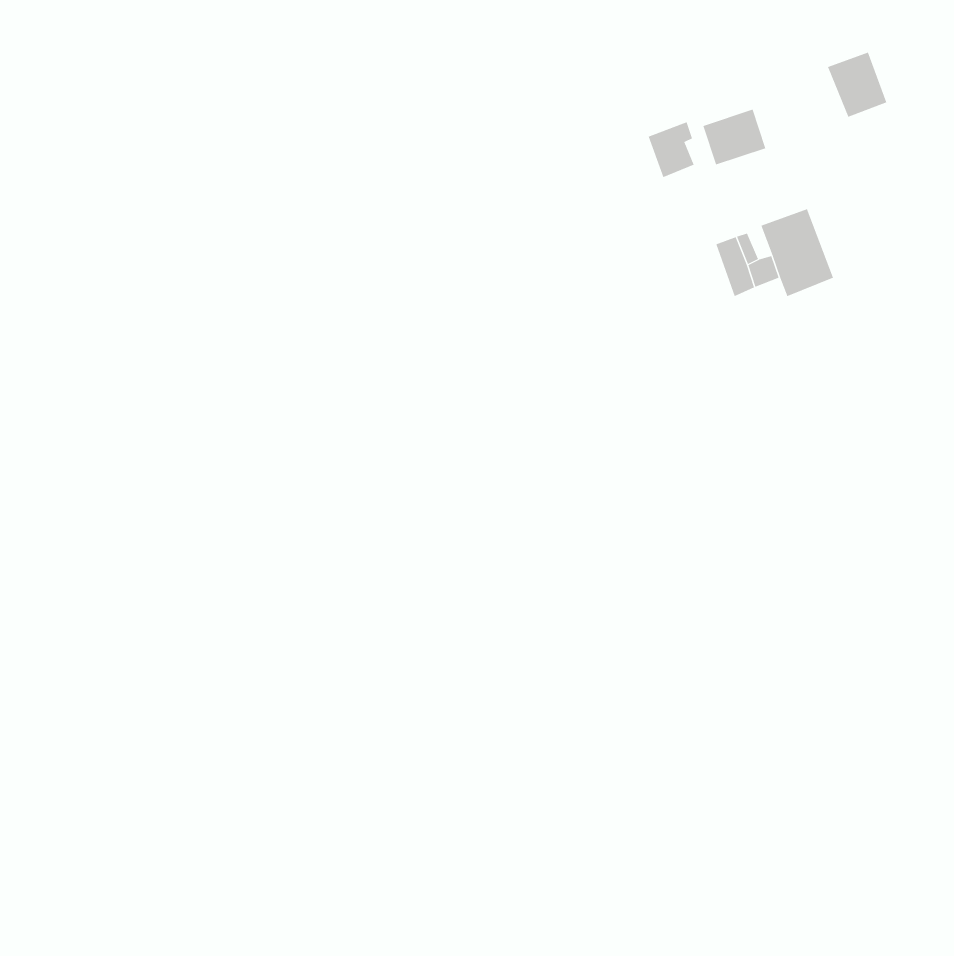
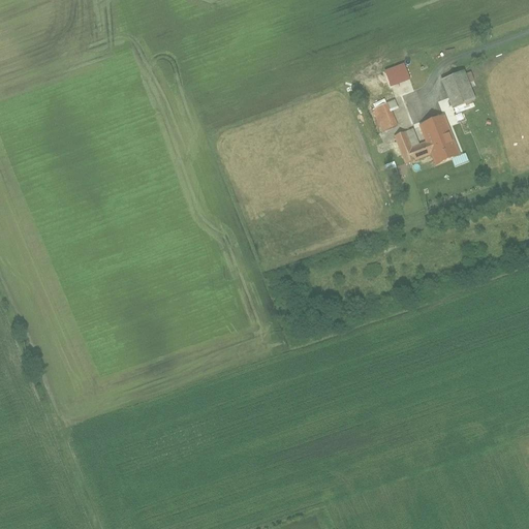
building: [827,52,887,118] -> [440,70,473,106]
building: [648,122,695,178] -> [371,99,397,130]

